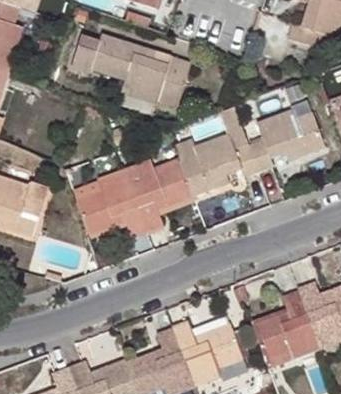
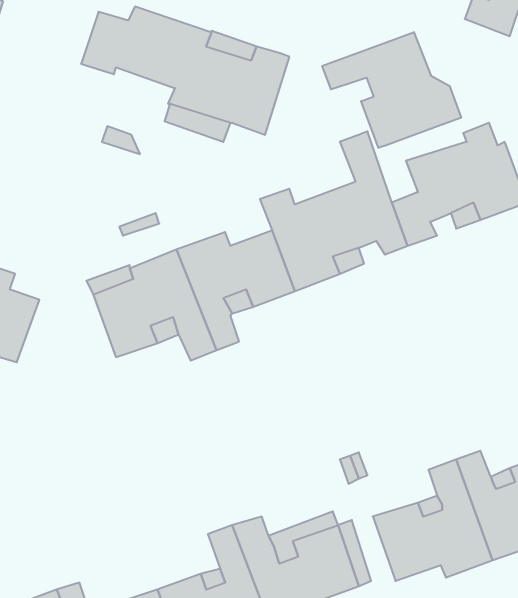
building: none -> [322,32,461,148]

